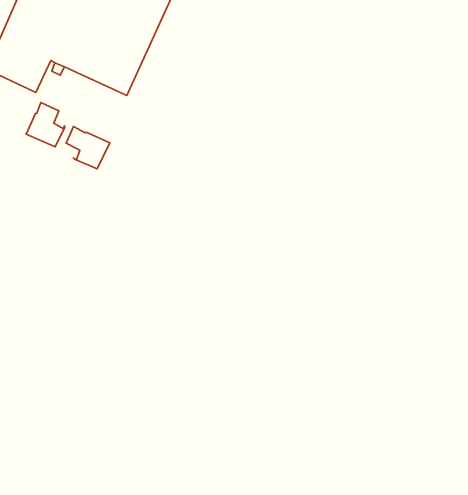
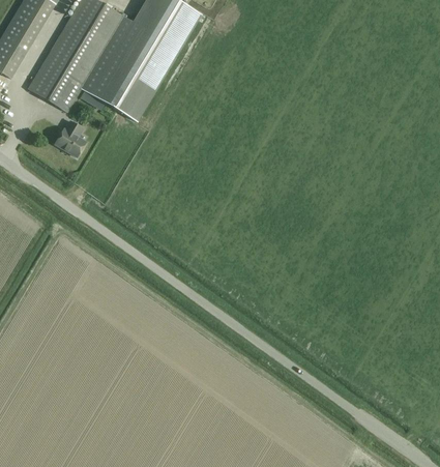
building: [66,127,110,169] -> none

